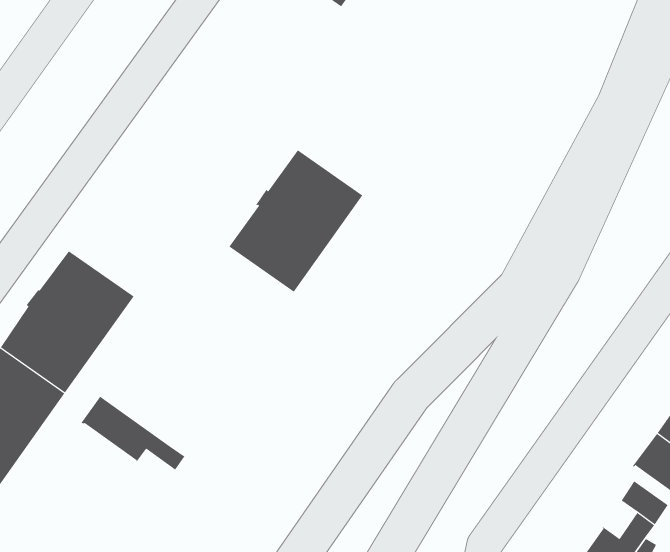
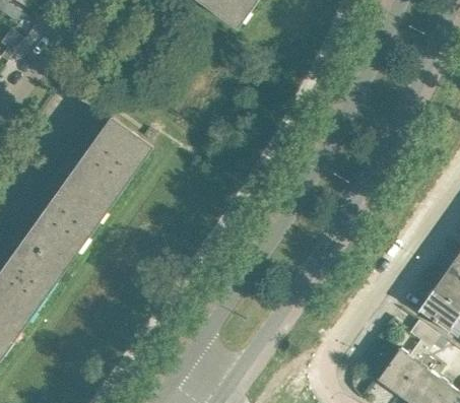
building: [228,149,363,292] -> [68,117,151,205]
building: [81,396,185,471] -> none

